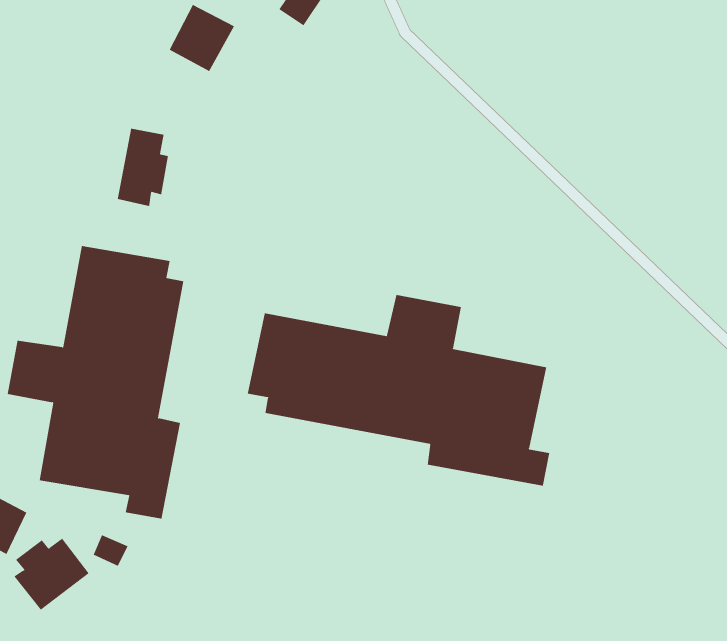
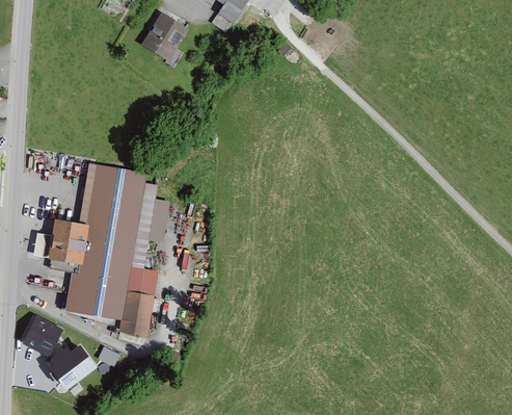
building: [117,128,169,207] -> none
building: [247,294,550,487] -> none

